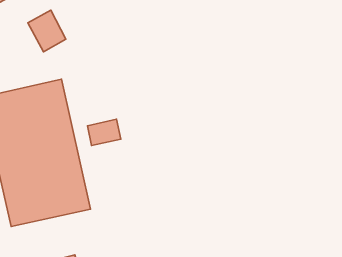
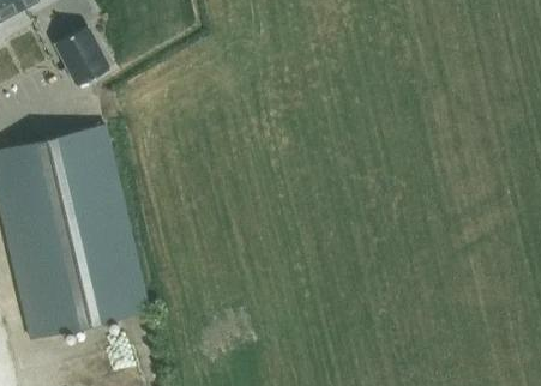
building: [88,119,121,146] -> none

